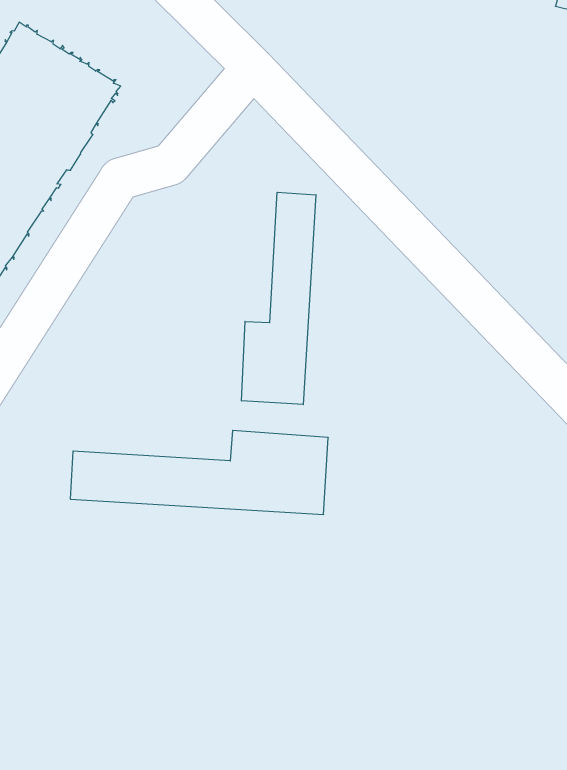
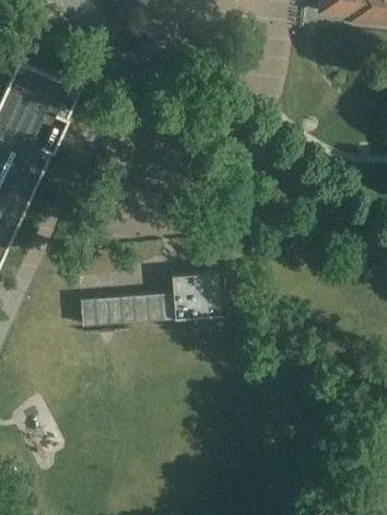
building: [242,192,316,405] -> none

